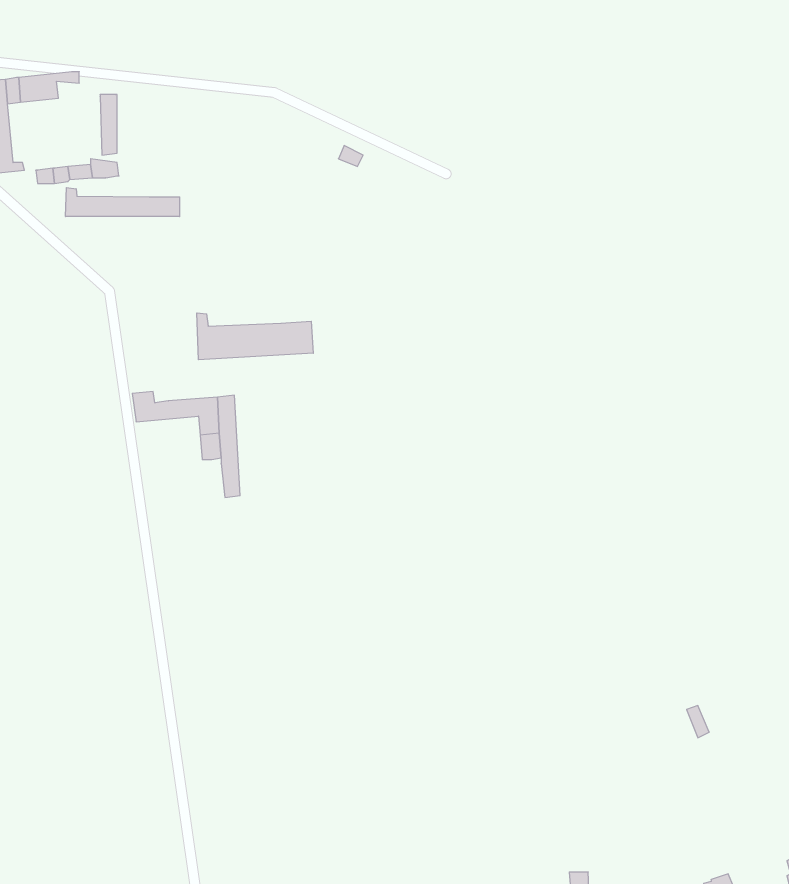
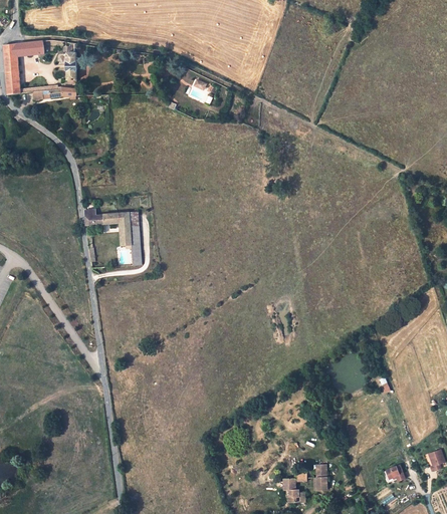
building: [66,188,180,217] -> none
building: [197,313,313,360] -> none

